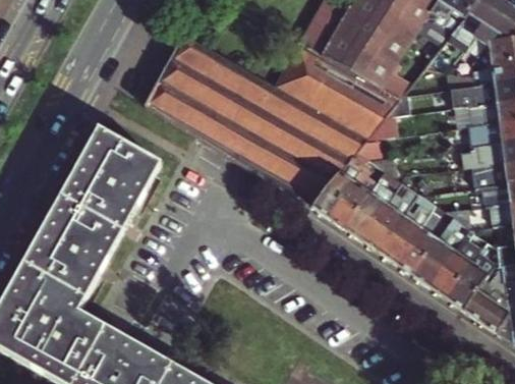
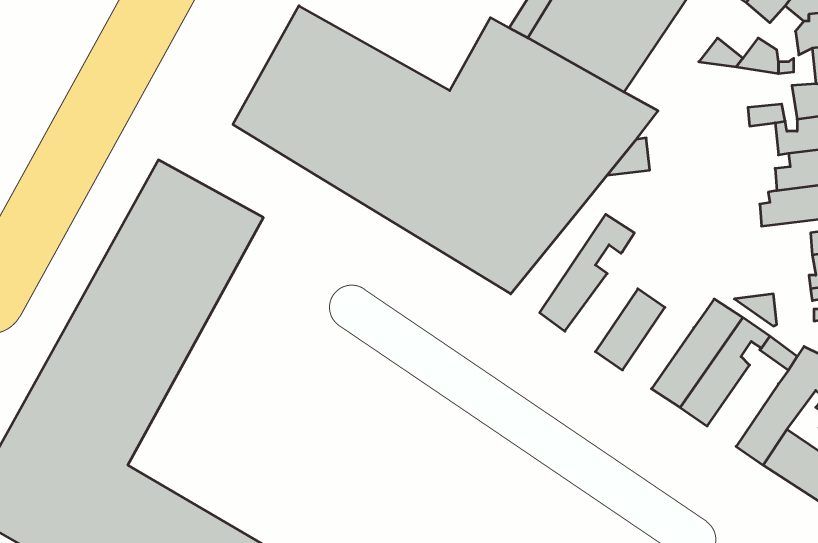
building: [312,151,369,217] -> none
building: [345,180,397,240] -> none
building: [380,191,439,263] -> none
building: [431,249,473,297] -> none

